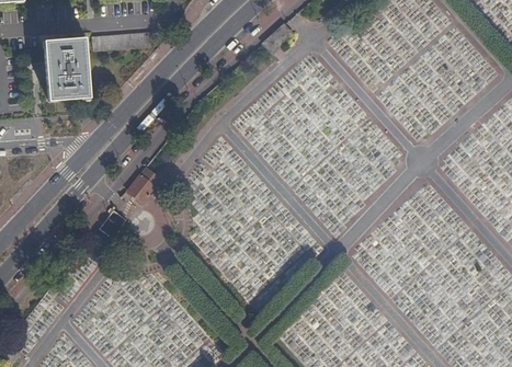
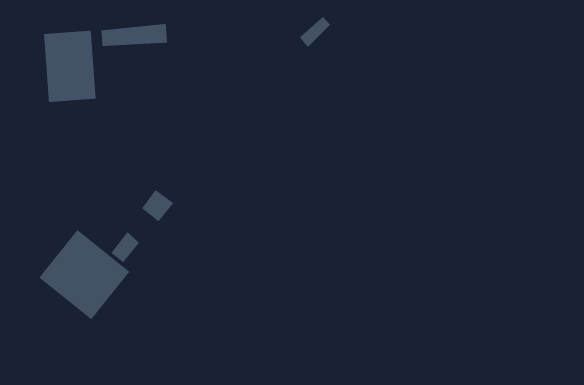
building: none -> [38,229,130,320]

